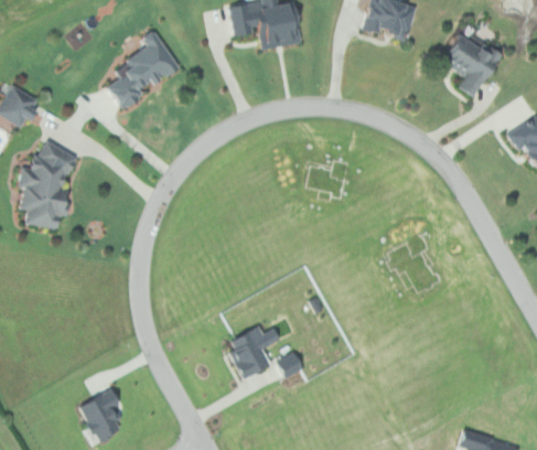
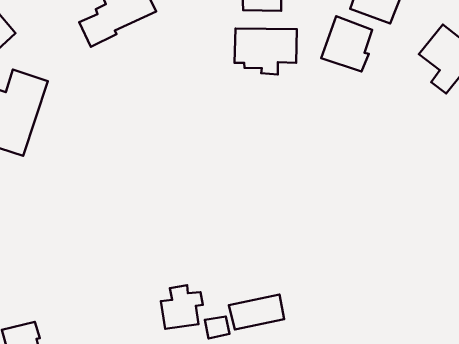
building: none -> [321,16,372,72]
building: none -> [235,29,297,74]
building: none -> [229,295,284,330]

